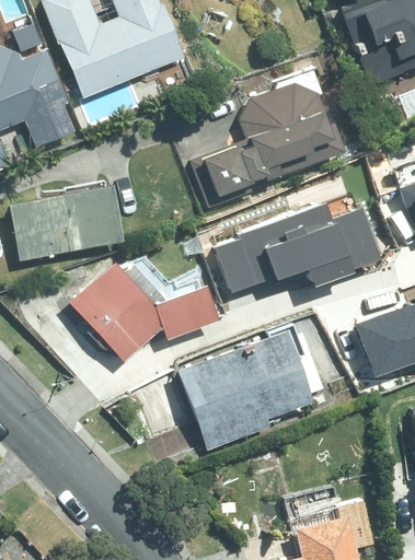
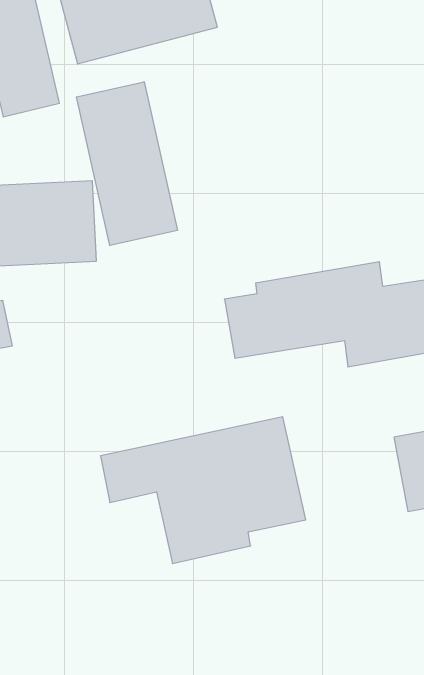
building: [192,83,333,201] -> none
building: none -> [76,82,177,246]
building: [71,259,218,364] -> none

